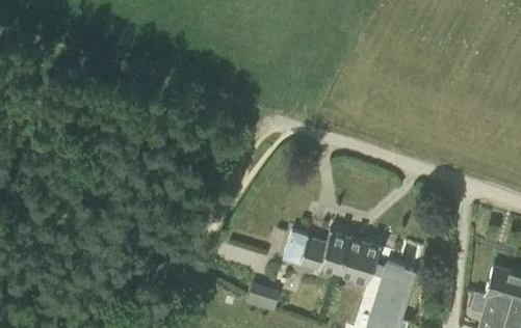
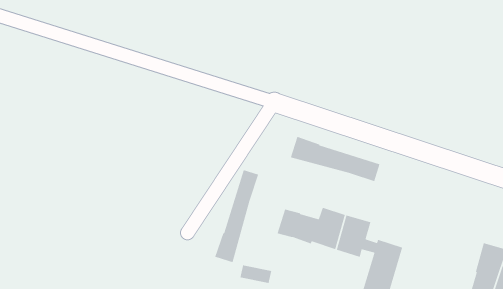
building: none -> [290,136,380,182]
building: none -> [214,169,259,263]

